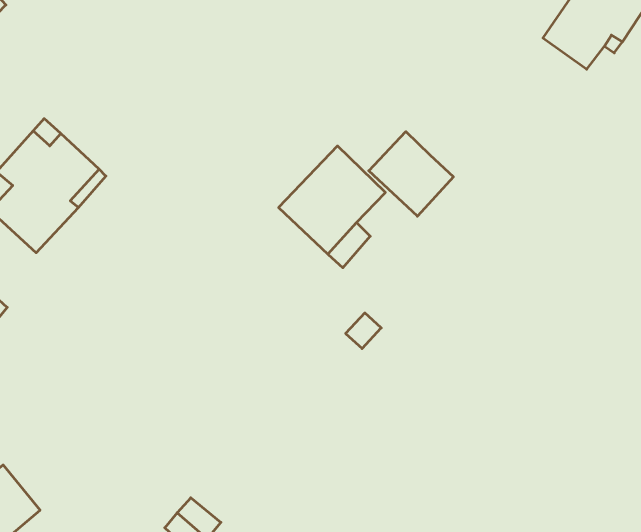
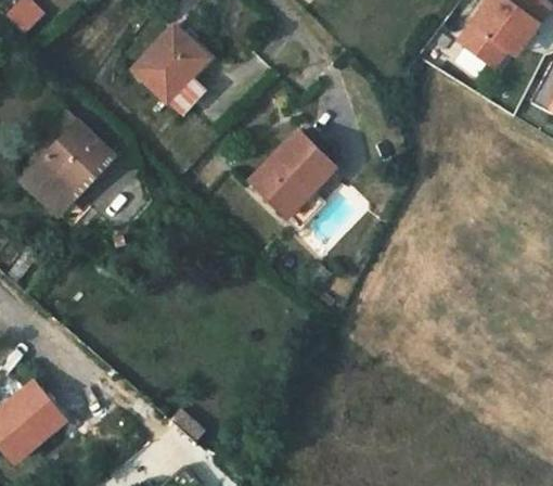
building: none -> [131,22,215,115]
building: [369,132,453,216] -> none

